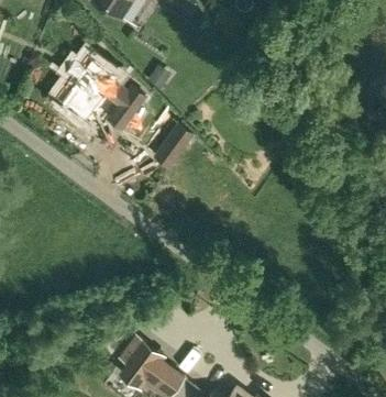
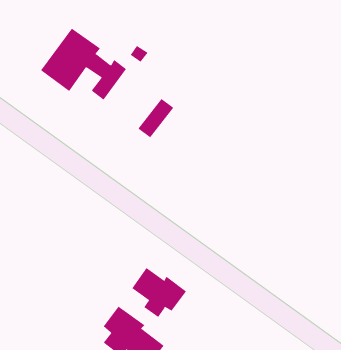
building: none -> [132,267,187,318]

